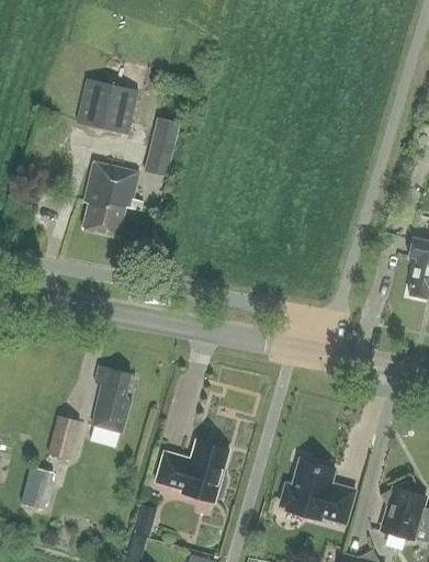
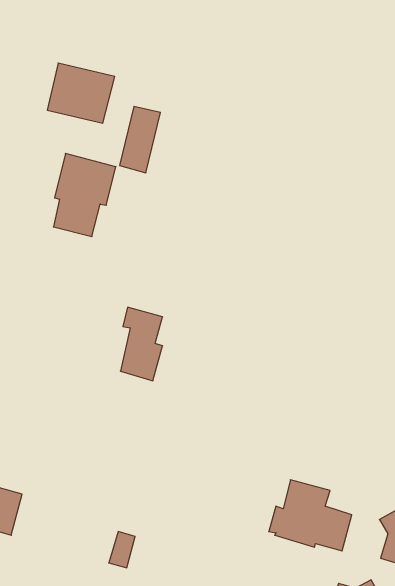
building: [92,366,131,432] -> [120,307,163,381]
building: [48,416,79,460] -> none
building: [155,440,229,502] -> none

